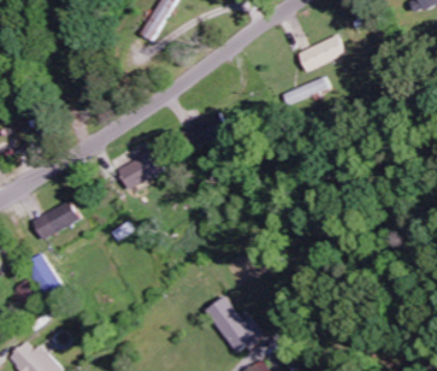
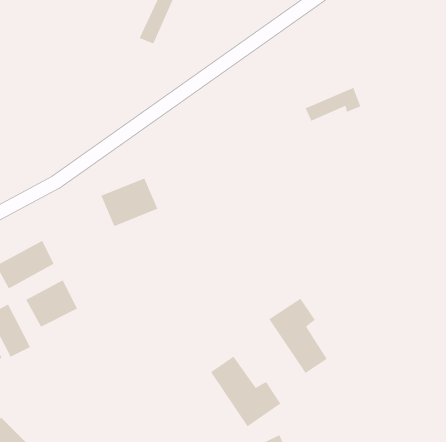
building: [297,35,346,71] -> none
building: none -> [25,280,78,328]
building: none -> [268,298,328,374]

